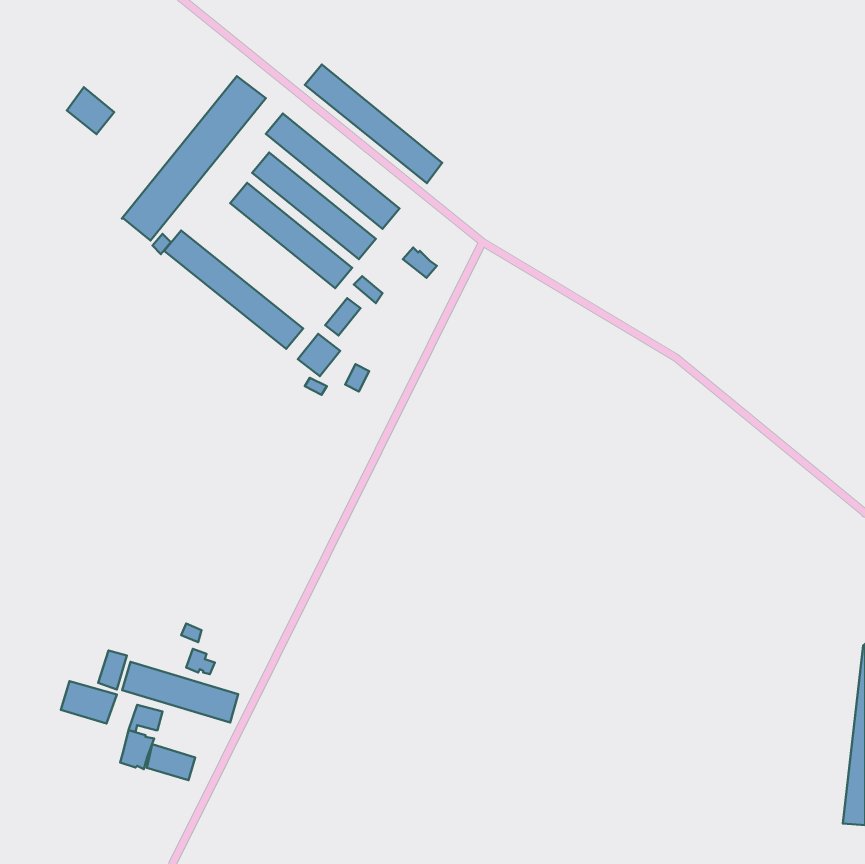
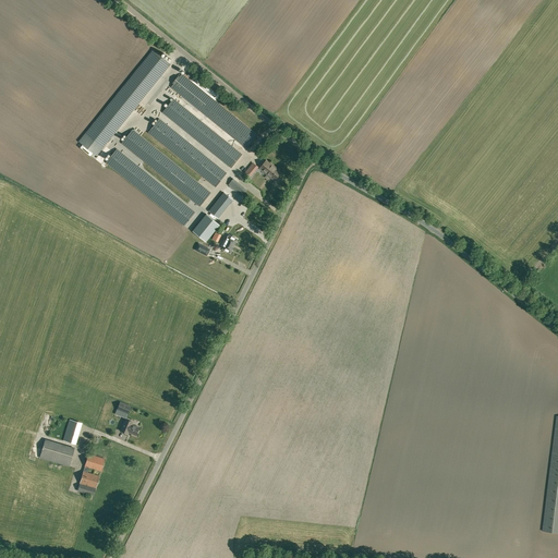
building: [305,65,442,183] -> [122,129,210,205]
building: [67,87,114,134] -> none
building: [122,662,238,723] -> none
building: [147,744,195,780] -> none

